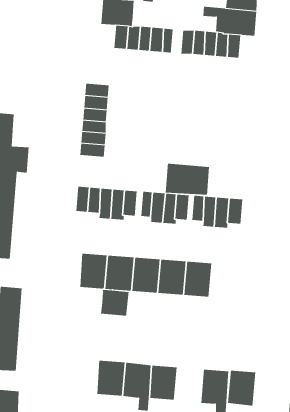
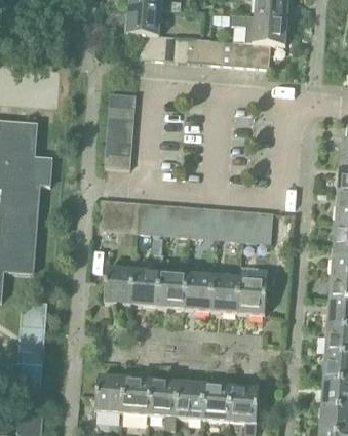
building: [165,163,210,196] -> none
building: none -> [237,278,267,315]
building: [101,289,129,317] -> none
building: none -> [95,375,123,412]
building: [227,370,256,406] -> [201,385,231,422]

